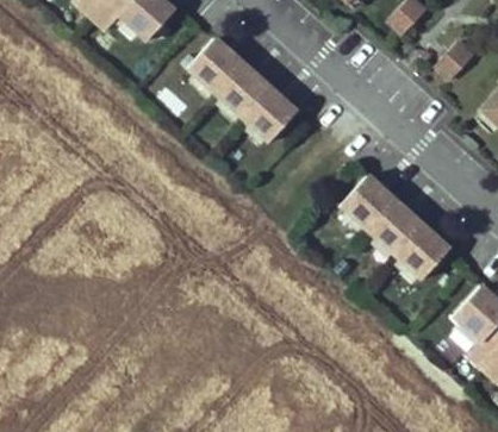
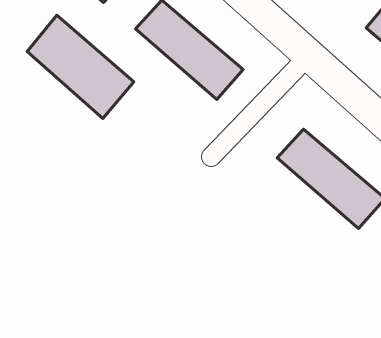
building: none -> [27,15,134,118]

